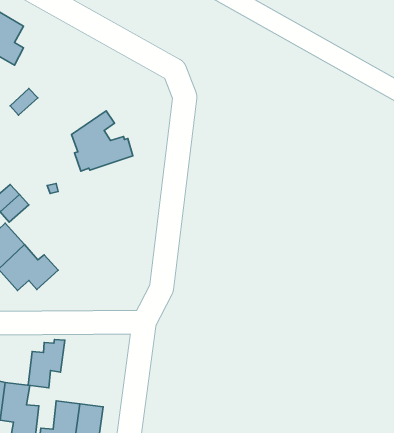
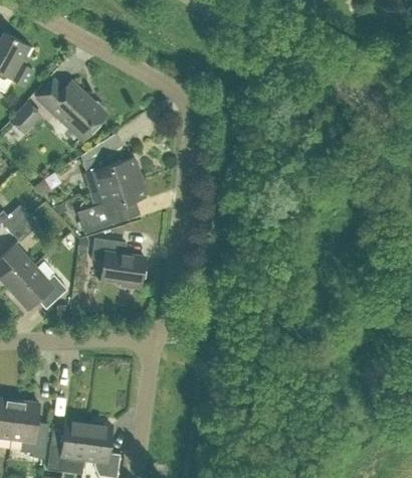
building: none -> [35,79,105,140]
building: none -> [76,177,146,232]
building: none -> [90,237,144,285]
building: [28,339,65,388] -> none

